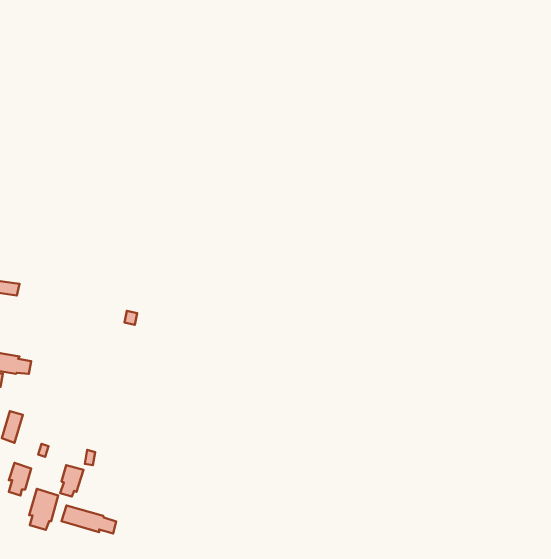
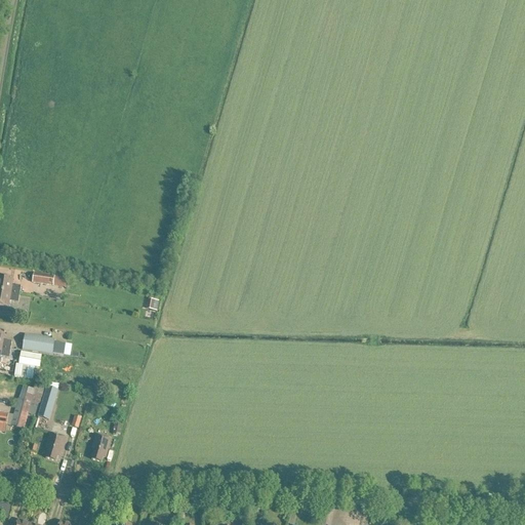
building: [29,489,58,530] -> none
building: [61,506,116,533] -> none

